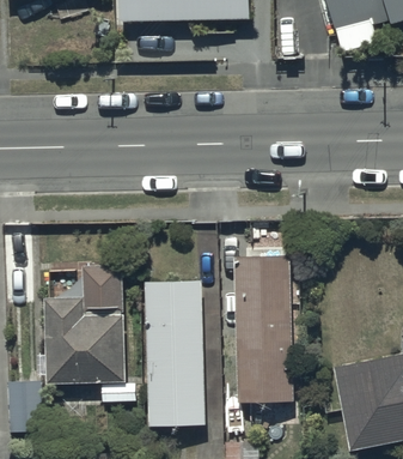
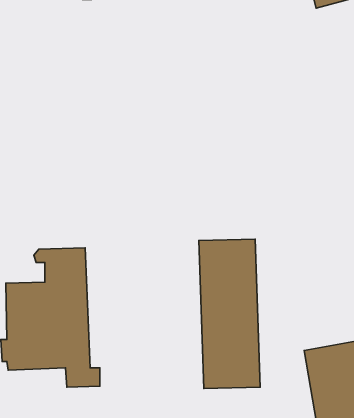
building: [146,279,206,425] -> none

